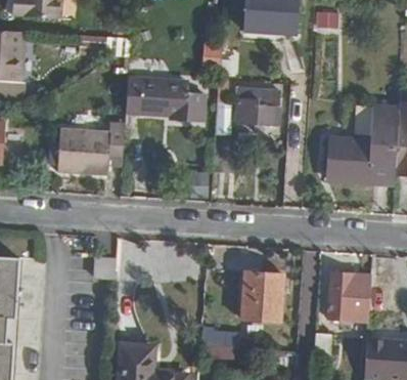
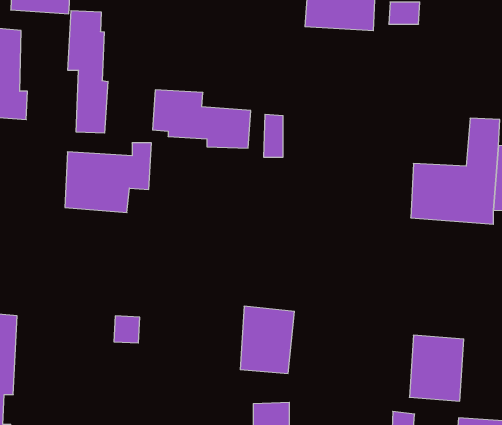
building: none -> [68,11,108,133]
building: [237,85,282,121] -> none
building: [242,270,285,324] -> [240,306,294,373]

